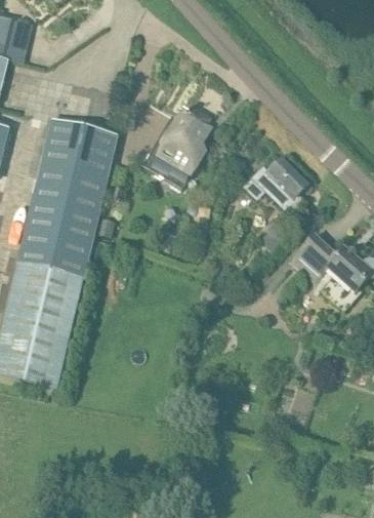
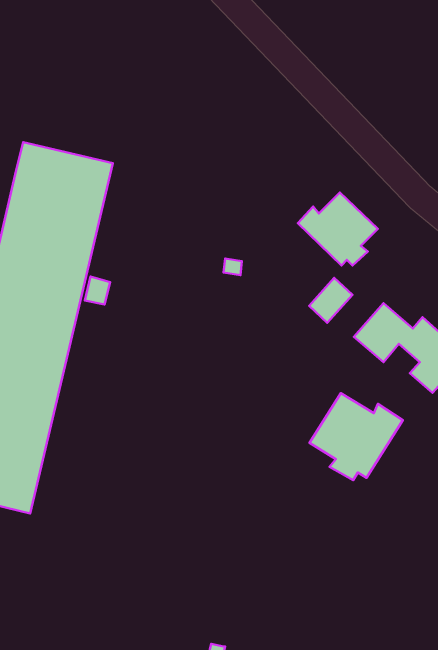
building: [157,110,204,186] -> none
building: none -> [309,393,403,480]

